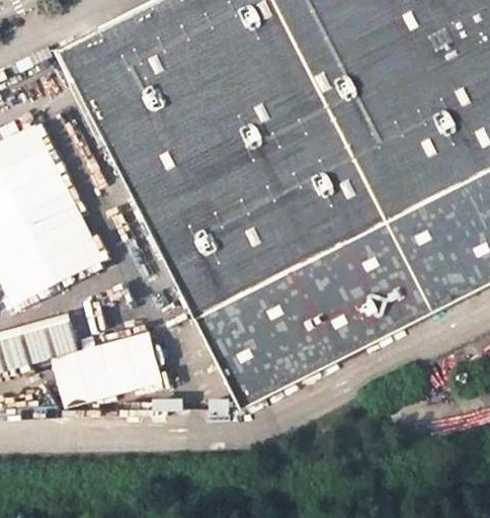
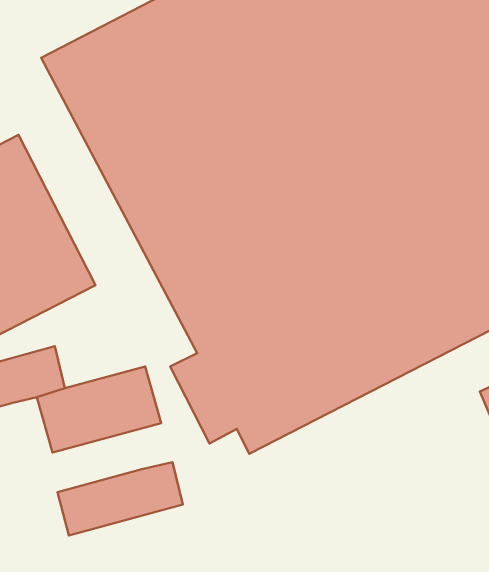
building: none -> [58,462,183,535]

